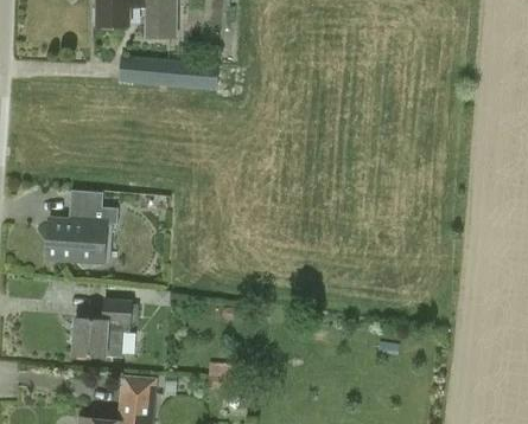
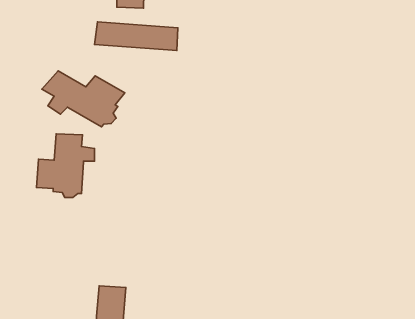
building: none -> [42,71,125,127]
building: [72,300,139,358] -> none

